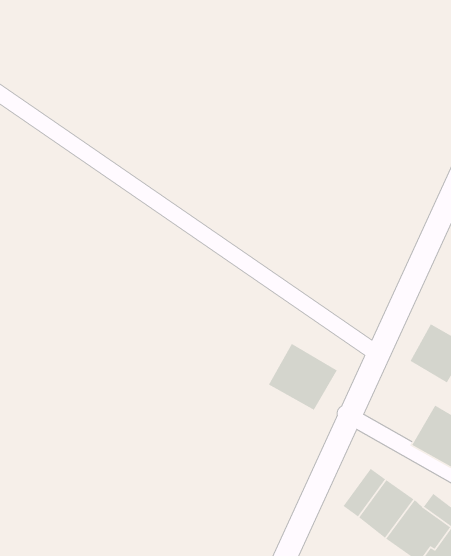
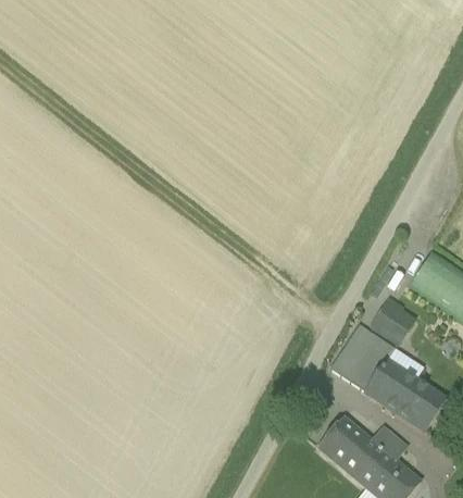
building: [268,343,338,411] -> [333,337,389,393]

